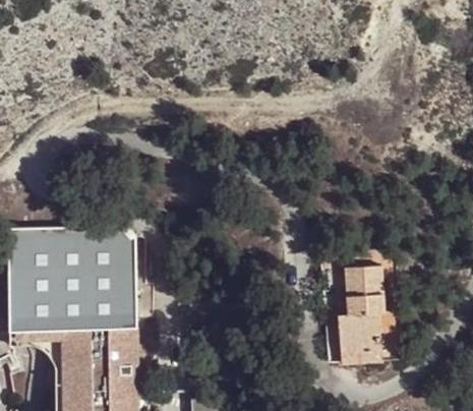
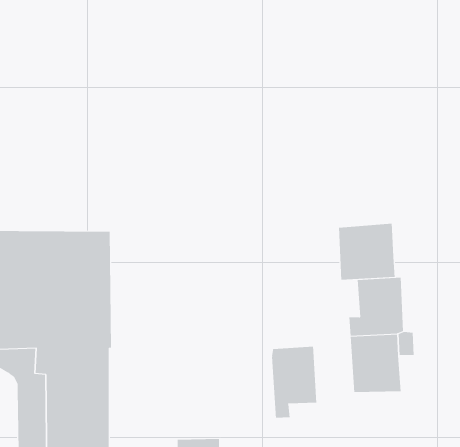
building: none -> [338,223,395,281]
building: none -> [272,346,317,419]

